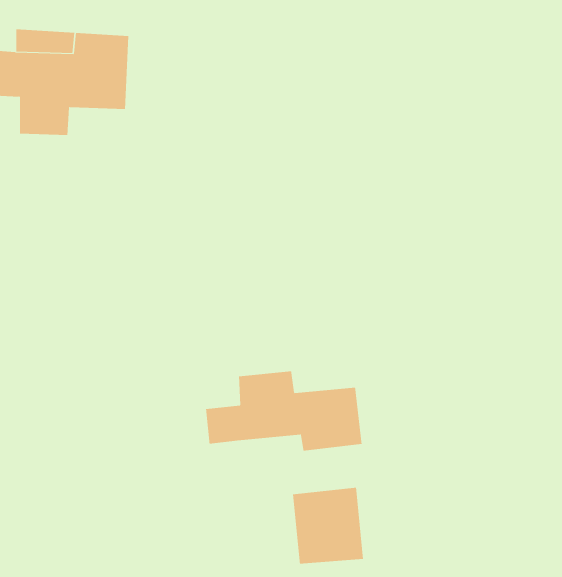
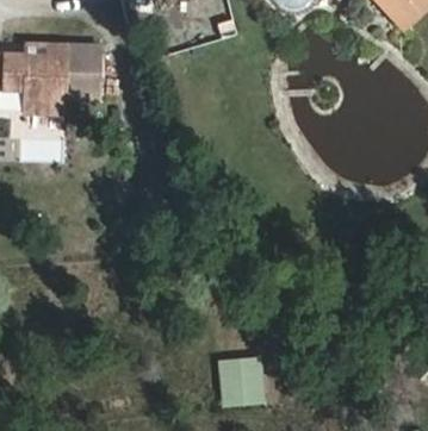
building: [206,370,362,452] -> none

